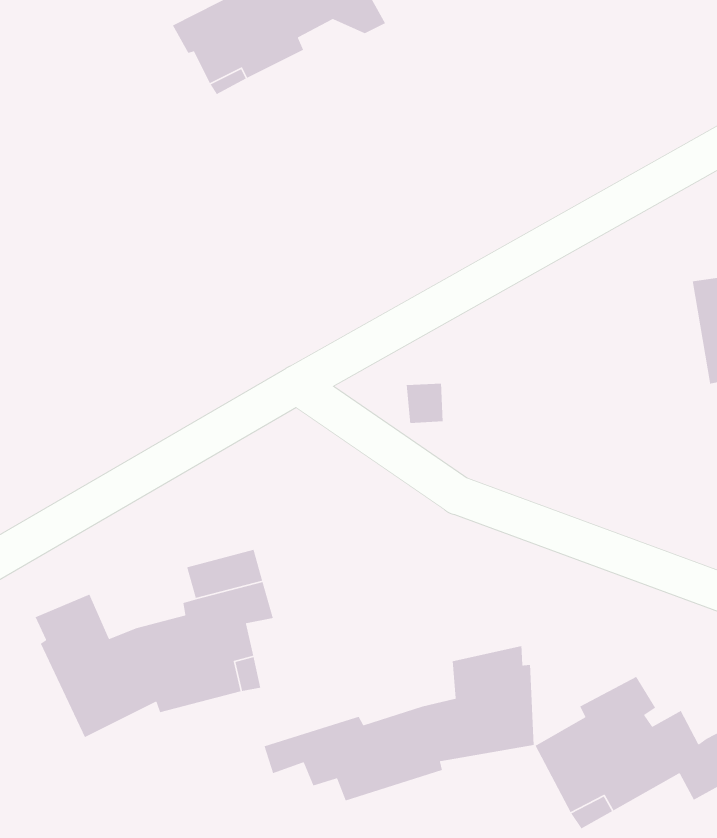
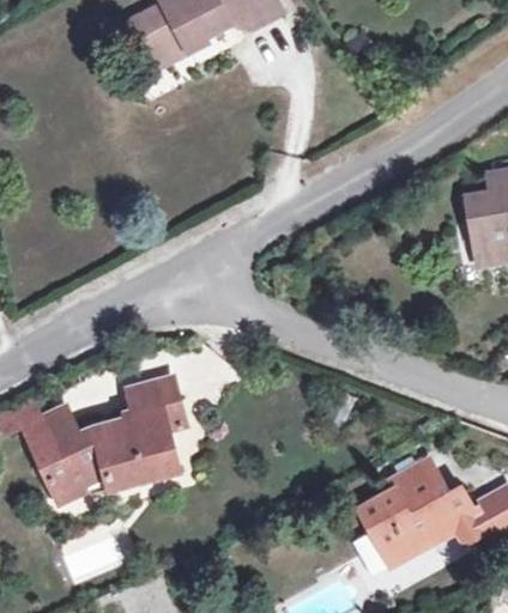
building: [264,645,535,801] -> none

